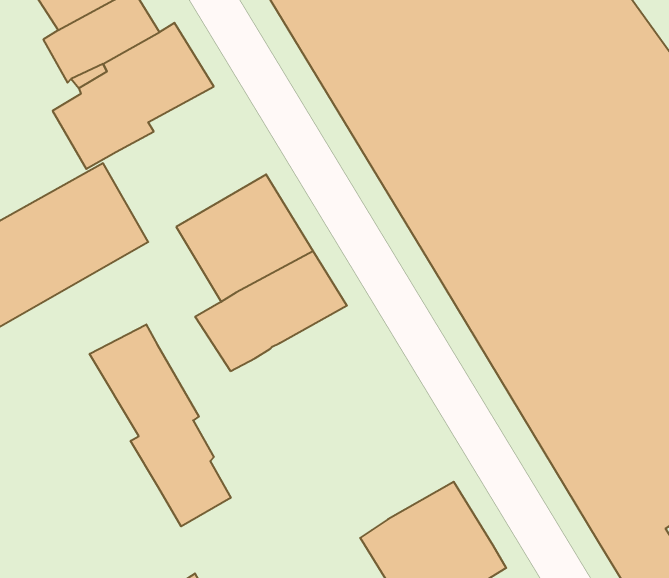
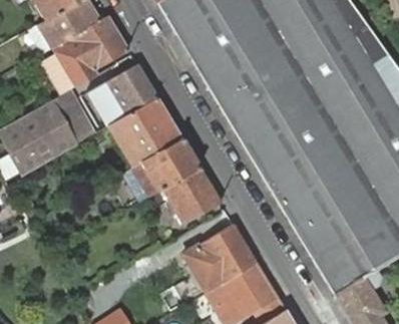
building: none -> [88,63,157,125]
building: none -> [164,168,222,223]
building: [90,324,231,526] -> none
building: none -> [184,223,258,292]

